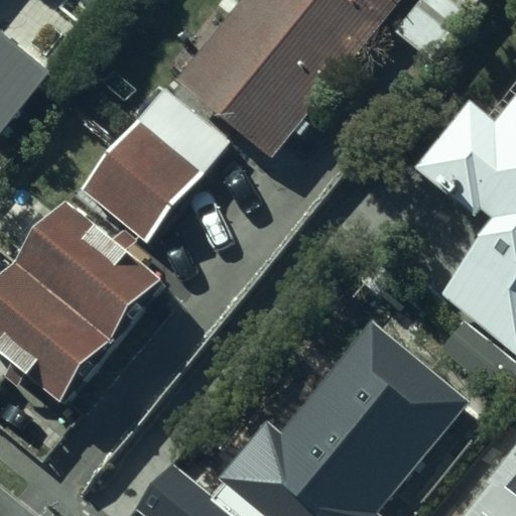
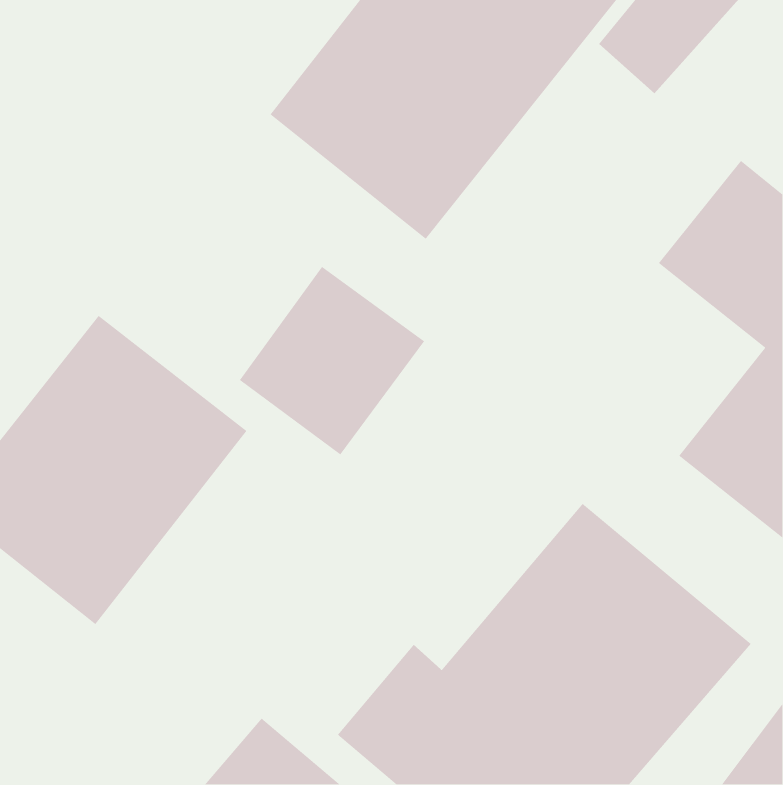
building: [83,116,203,238] -> [239,266,425,455]

